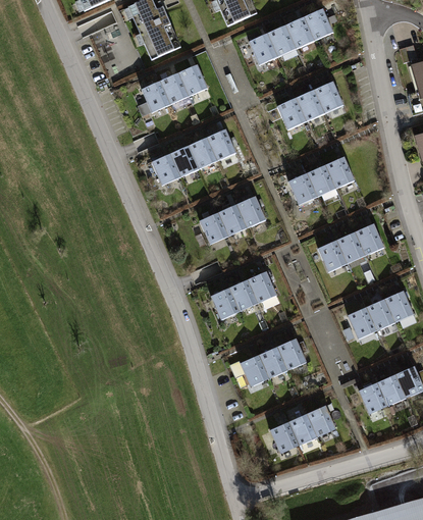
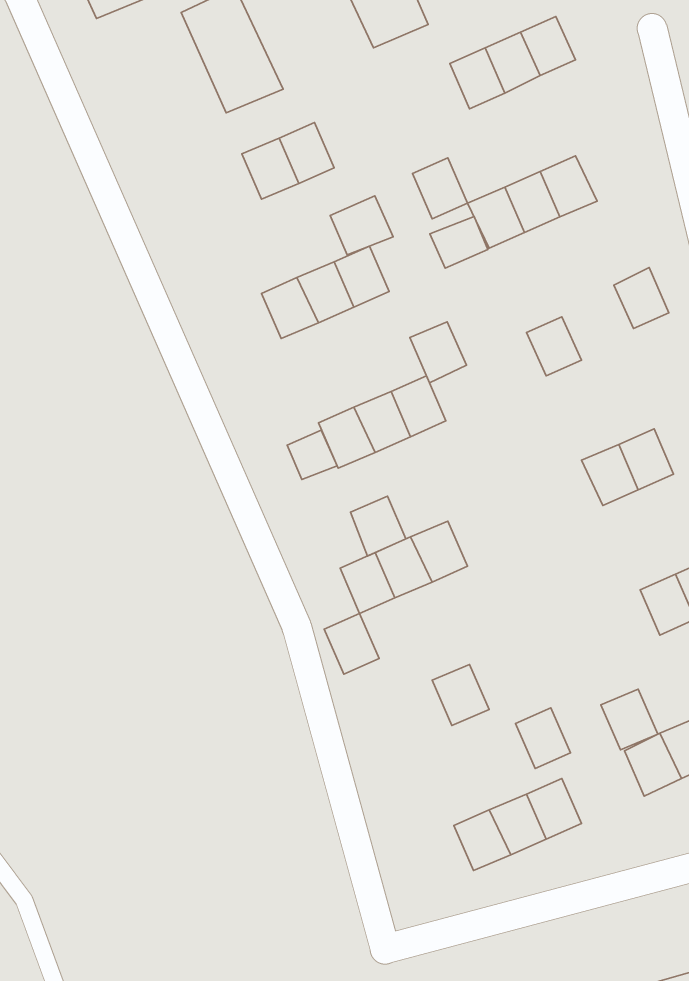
building: [249,34,277,65] -> [413,158,468,219]
building: [141,81,169,112] -> none
building: none -> [330,196,393,255]
building: none -> [430,217,488,268]
building: [151,153,179,185] -> none
building: [325,156,354,188] -> [614,268,669,328]
building: [287,173,317,205] -> [410,322,467,383]
building: none -> [287,430,337,479]
building: [317,240,347,271] -> none
building: none -> [350,496,406,556]
building: [347,307,376,339] -> [601,689,658,750]
building: [277,337,306,369] -> [516,708,571,769]
building: [240,354,268,385] -> [324,613,379,674]

